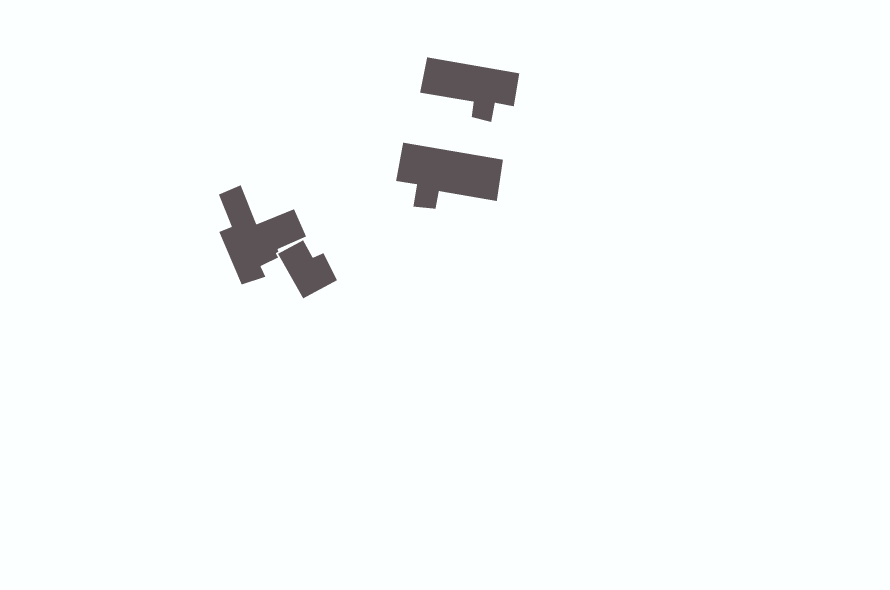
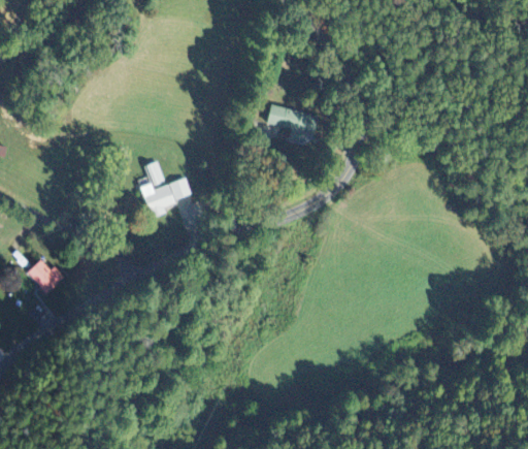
building: [395,142,504,209] -> none
building: none -> [26,258,63,293]

